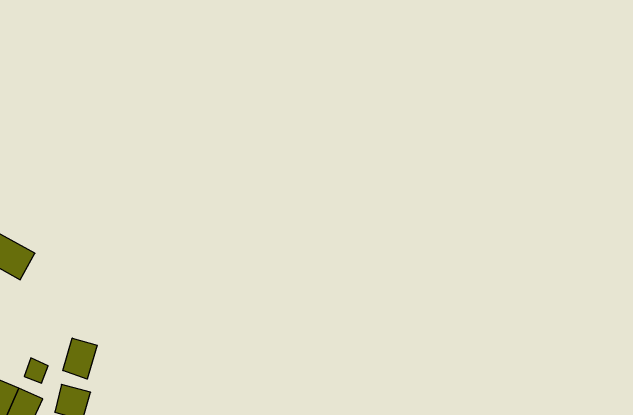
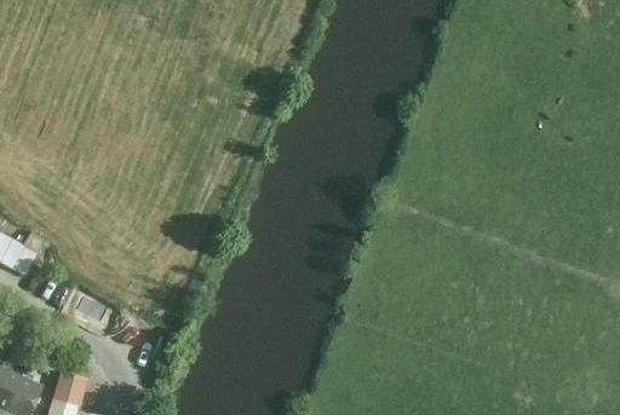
building: [63,338,97,379] -> none

